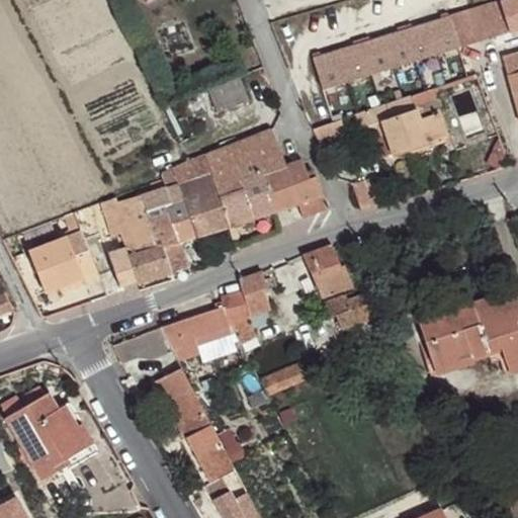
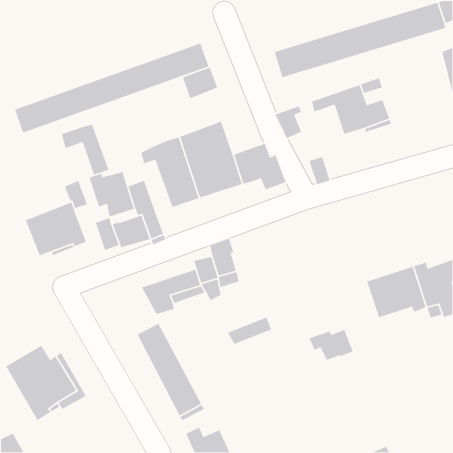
building: none -> [14,42,210,134]
building: [253,131,303,176] -> none
building: [141,183,196,243] -> [61,123,110,176]
building: [303,245,352,297] -> none
building: [322,293,373,330] -> [309,329,354,361]
building: [112,328,172,362] -> none

